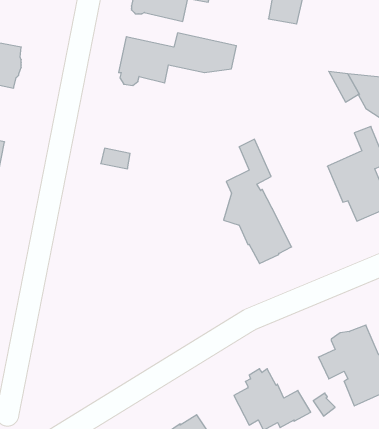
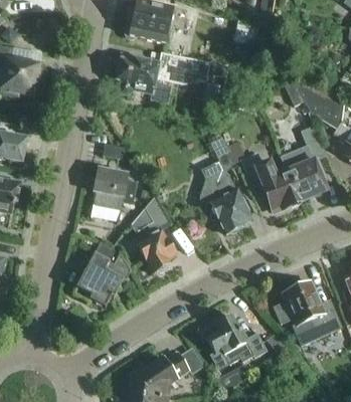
building: none -> [242,153,304,212]
building: none -> [92,168,138,222]
building: none -> [137,196,177,272]
building: none -> [73,241,132,307]

